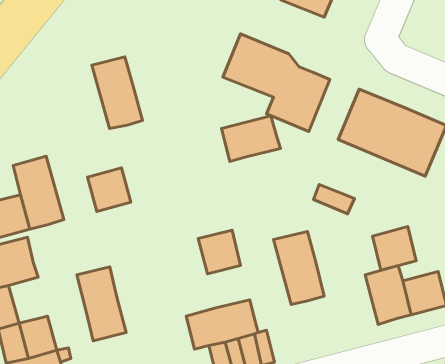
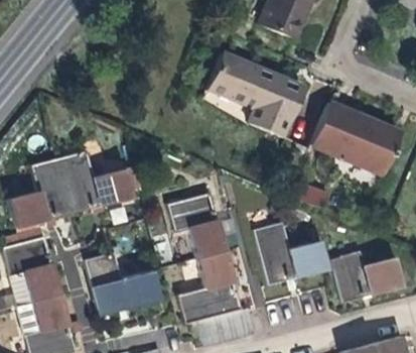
building: [92,57,142,129] -> [59,150,103,212]
building: [222,116,280,162] -> [168,193,219,232]
building: [372,227,416,270] -> [290,240,327,277]
building: none -> [197,251,234,287]
building: none -> [27,261,60,301]
building: none -> [120,270,159,309]

